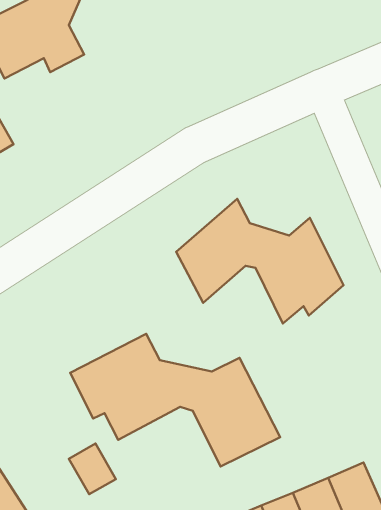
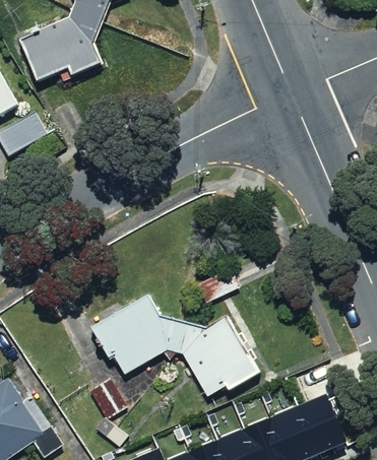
building: [176,199,344,324] -> none

